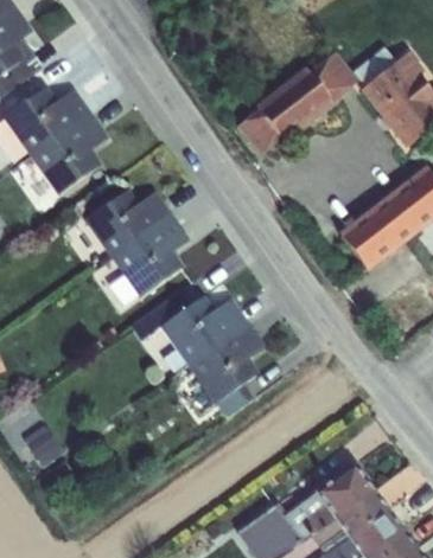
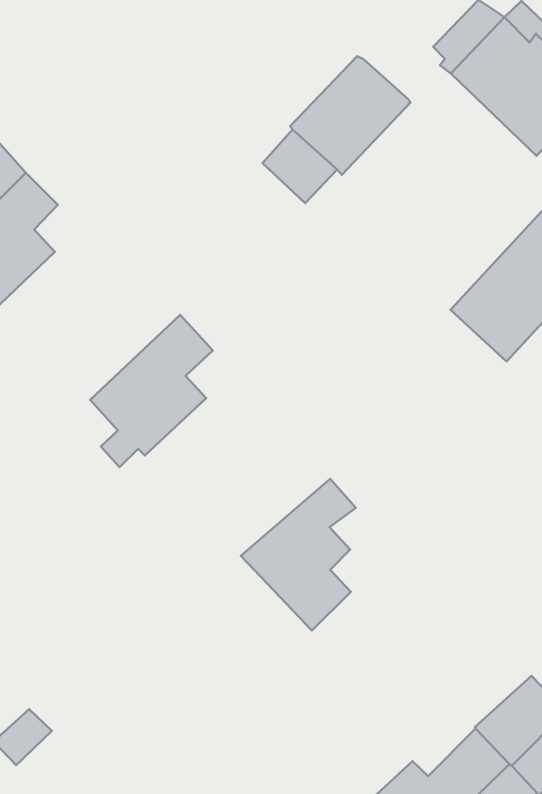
building: [307,53,357,102] -> none
building: [83,187,172,257] -> none
building: [159,296,249,366] -> none

